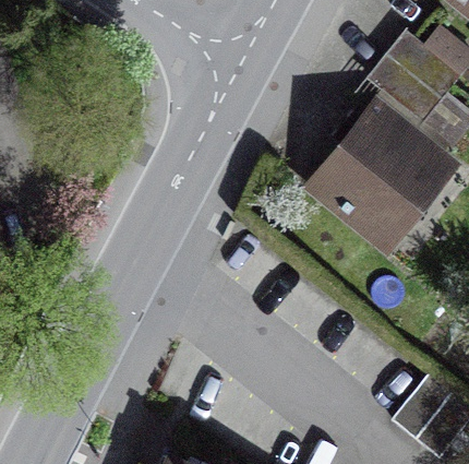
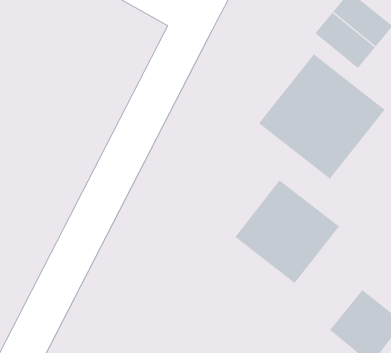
building: none -> [234,180,340,284]

